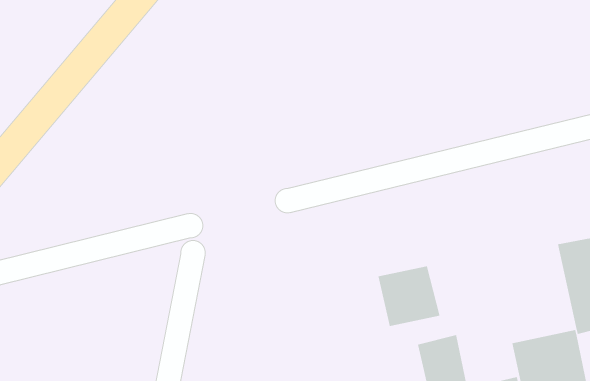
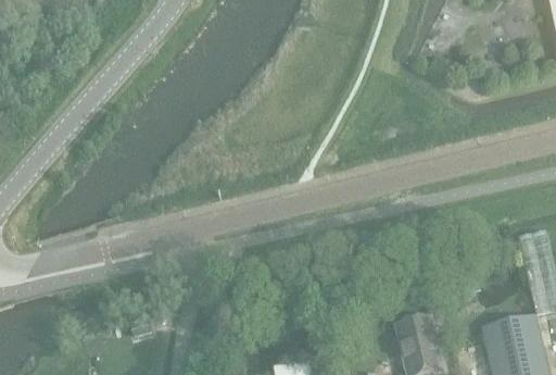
building: [378,265,440,327] -> none

